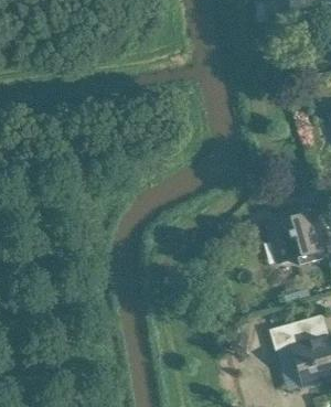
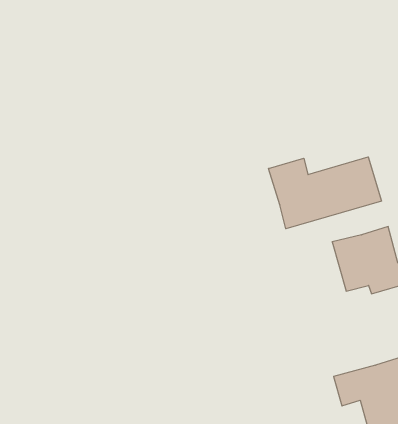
building: none -> [269,157,381,229]

